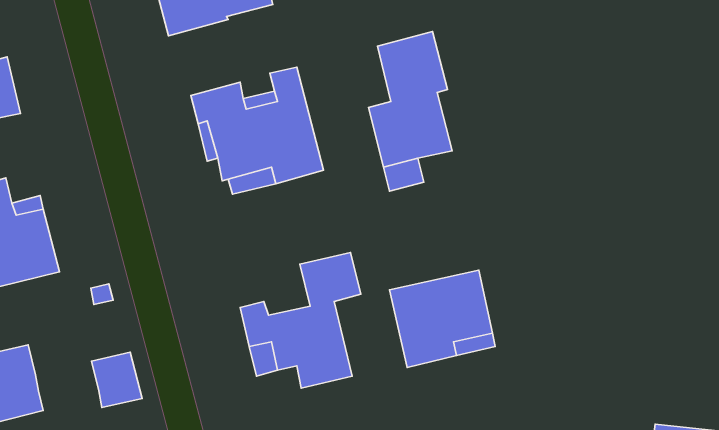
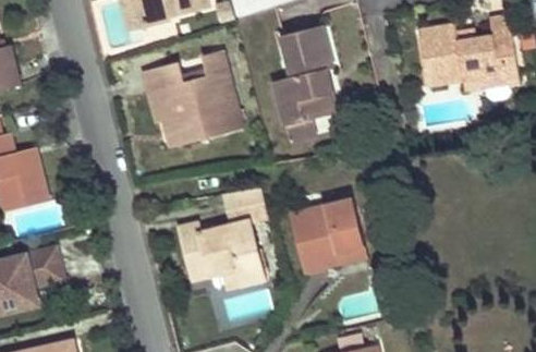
building: none -> [418,14,521,87]
building: [91,352,142,407] -> [26,247,63,288]

